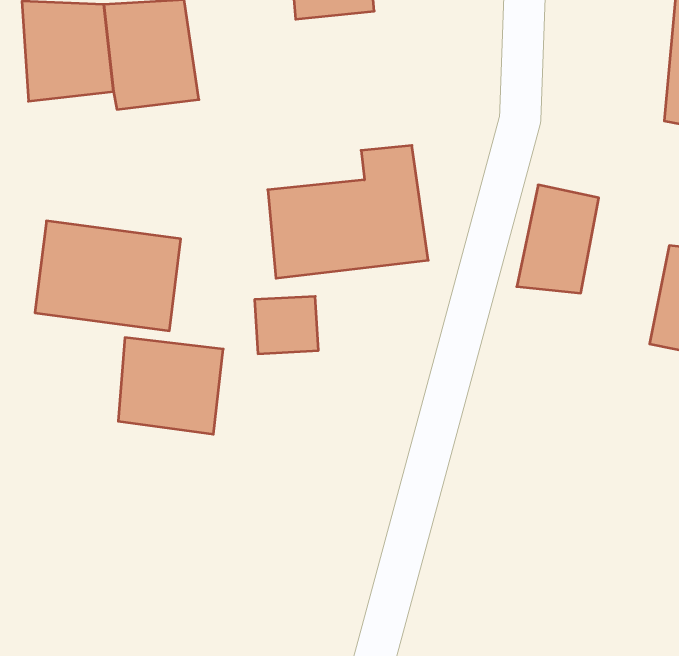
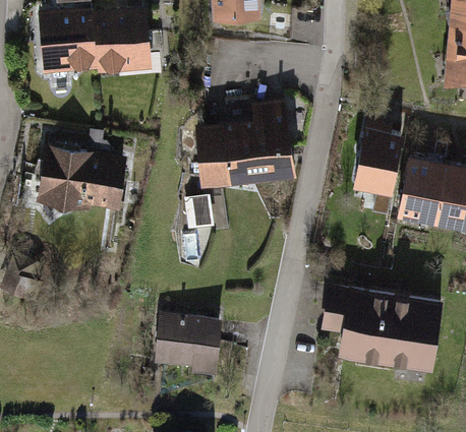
building: none -> [398,153,446,223]
building: [118,338,223,434] -> [157,311,222,371]
building: none -> [323,285,443,366]

